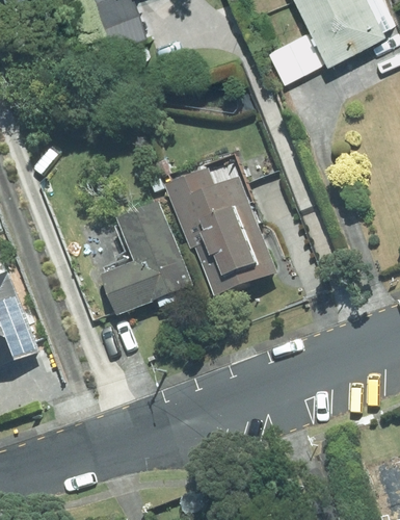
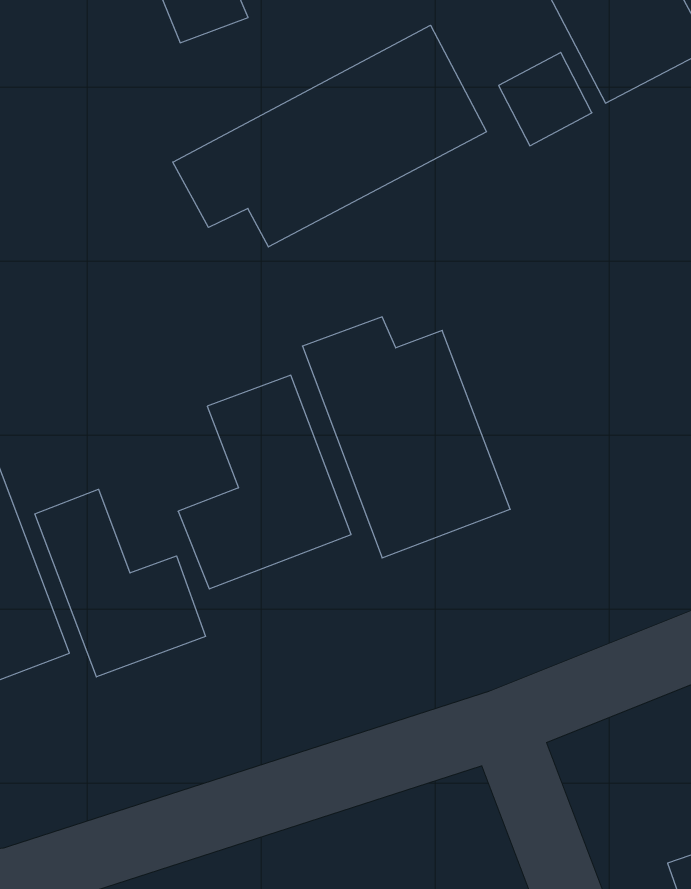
building: none -> [173,25,486,247]
building: none -> [35,489,205,677]

